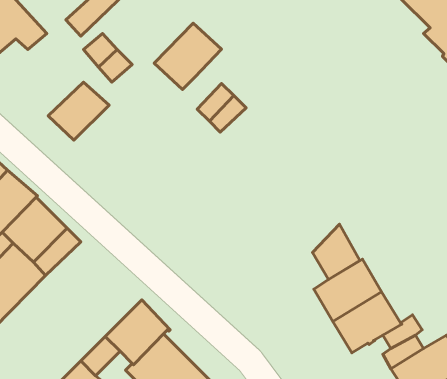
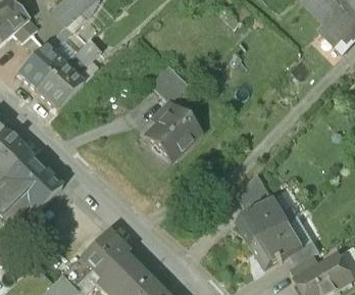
building: [154,23,221,89] -> none
building: none -> [19,45,65,89]
building: none -> [145,105,201,161]

